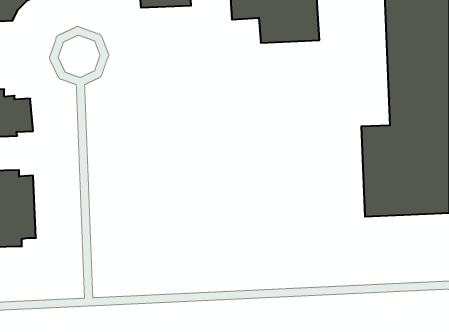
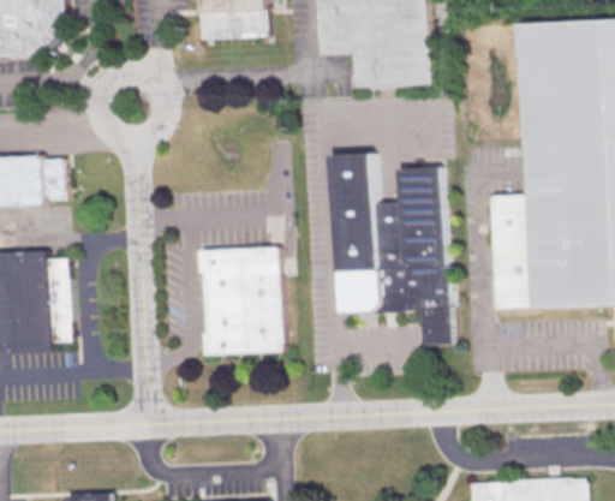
building: none -> [332,153,455,344]
building: none -> [199,247,285,354]

